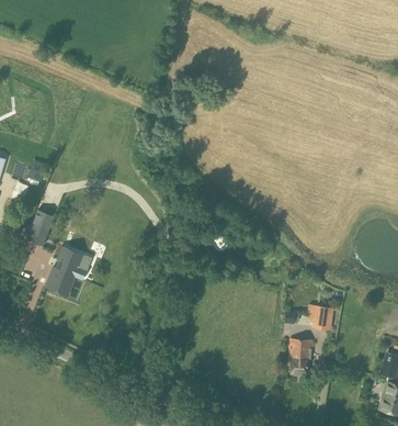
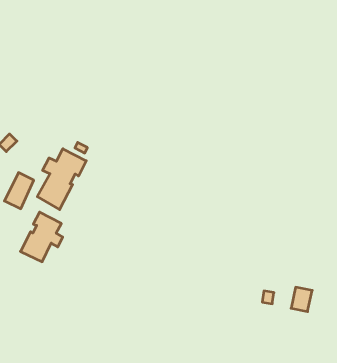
building: none -> [37,149,86,210]
building: [291,339,312,374] -> none

